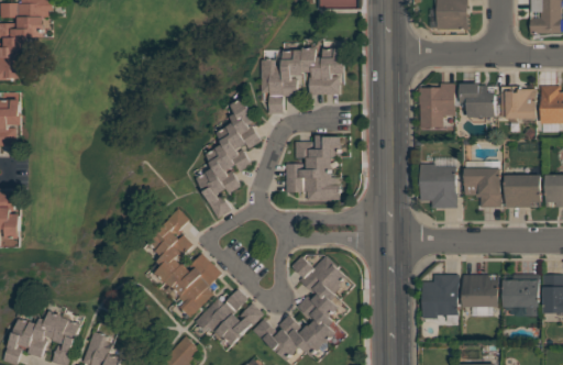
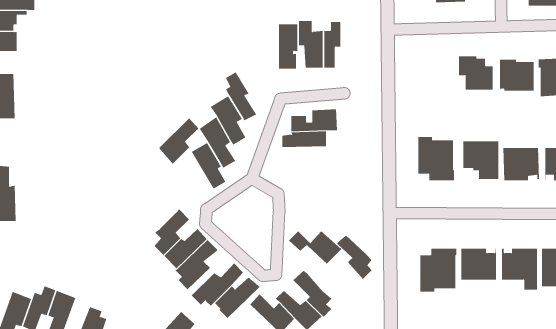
building: [258,59,283,113] -> none
building: [419,82,455,126] -> none
building: [285,173,338,197] -> none
building: [148,208,189,255] -> [158,117,199,165]
building: [300,272,336,317] -> [336,235,373,280]

